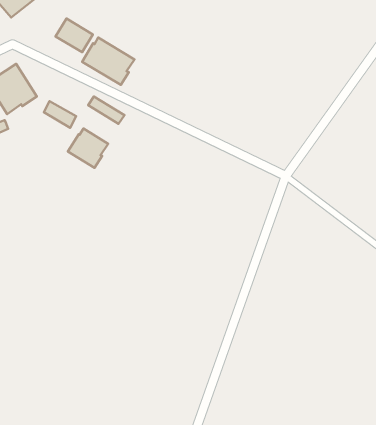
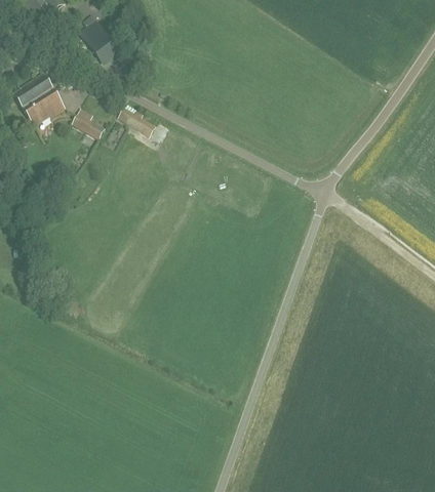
building: [82,38,135,85] -> none
building: [68,128,108,168] -> none

